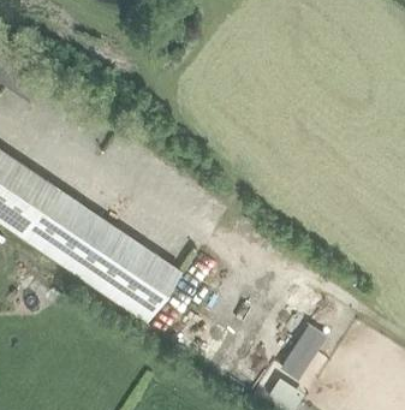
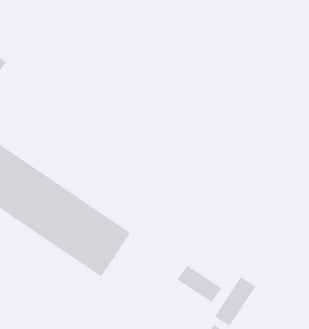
building: none -> [177,265,222,303]

